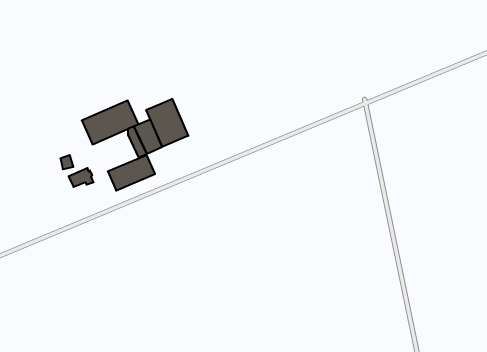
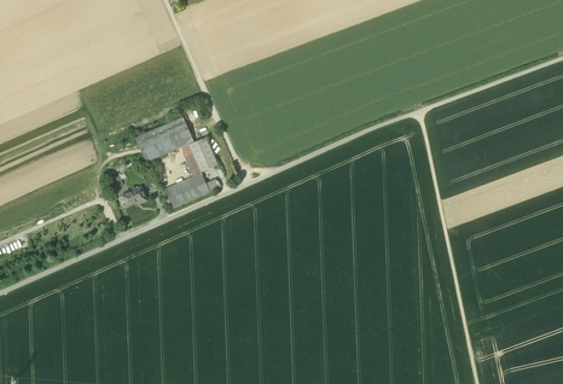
building: [146,99,188,147] -> none

